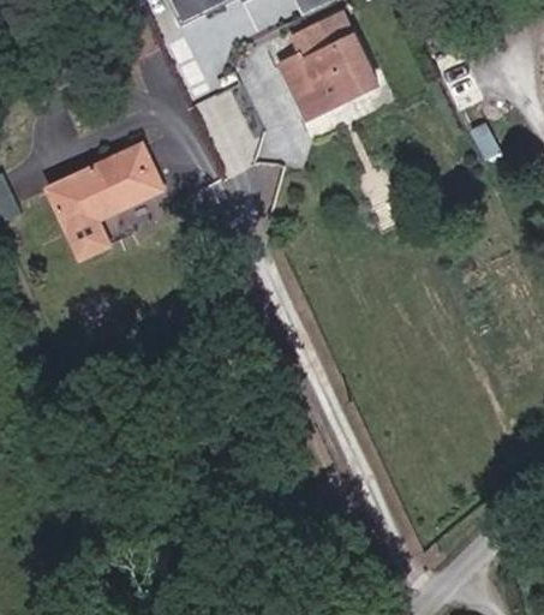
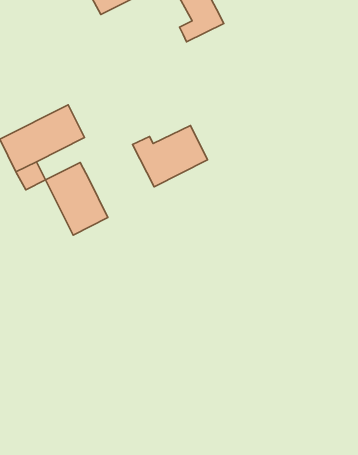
building: [274,35,373,117] -> [132,126,208,187]
building: none -> [46,163,108,235]

